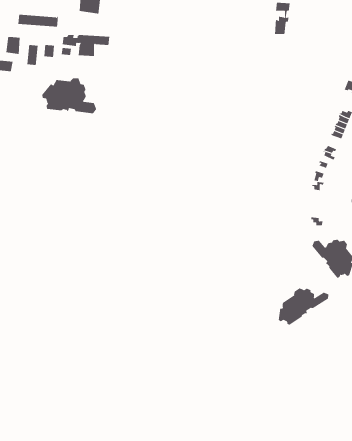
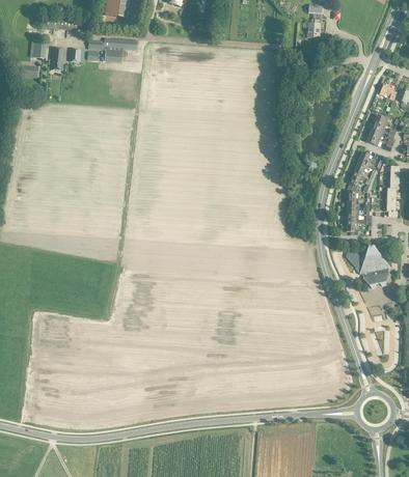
building: [42,77,97,114] -> none
building: [278,288,329,326] -> none

